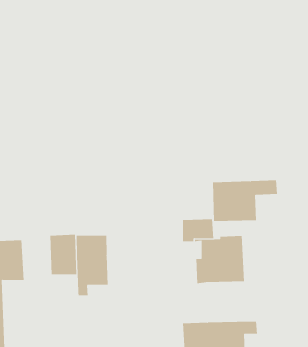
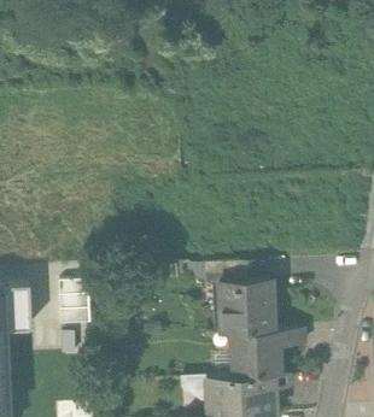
building: [212,180,278,222] -> [232,331,304,377]
building: [76,235,108,296] -> none

